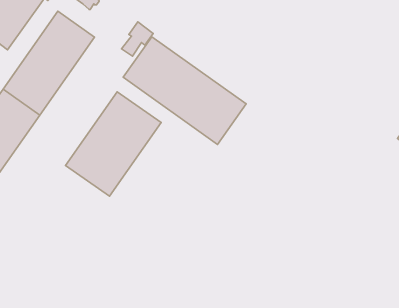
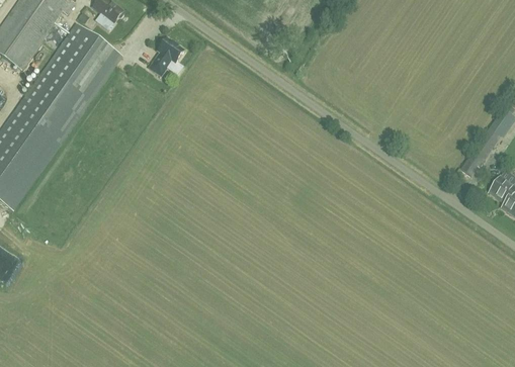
building: [123,37,246,144] -> none
building: [65,92,161,196] -> none

